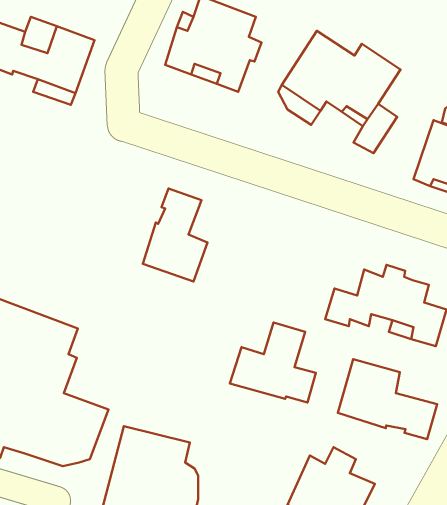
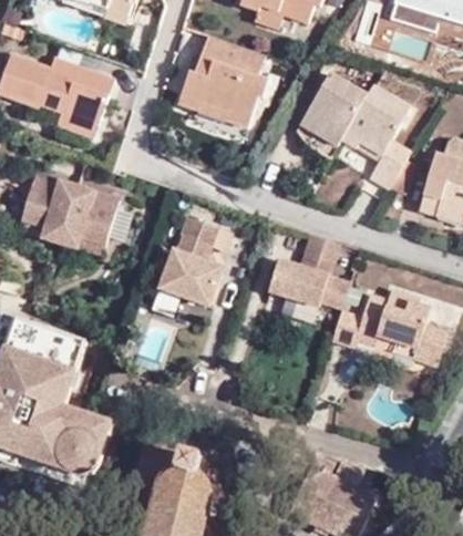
building: none -> [32,173,131,249]
building: [230,322,316,402] -> [268,234,349,309]
building: [338,359,437,439] -> none

